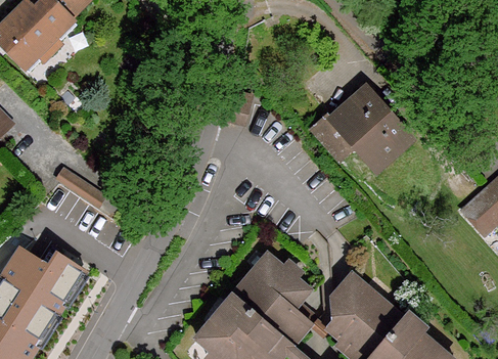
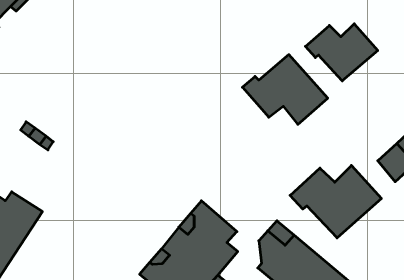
building: none -> [305,24,378,81]
building: none -> [290,165,381,238]

